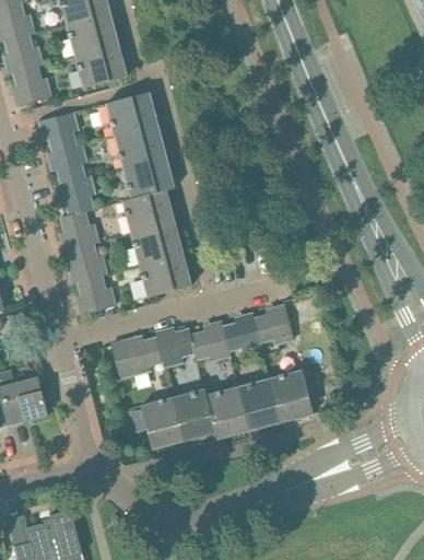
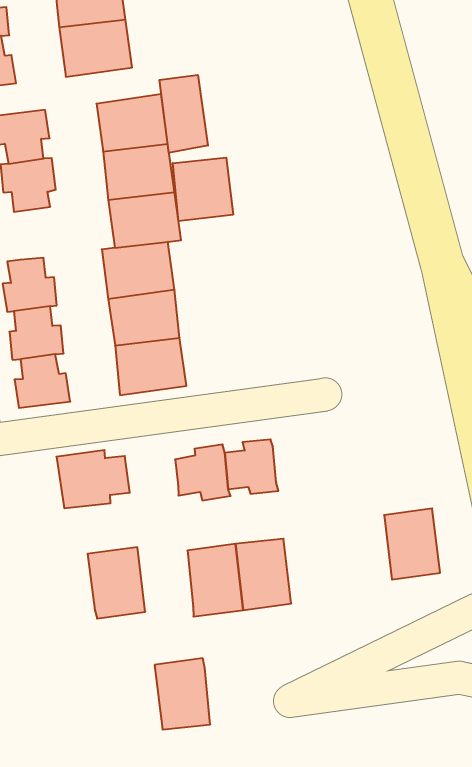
building: none -> [159,75,208,153]
building: none -> [173,158,233,221]
building: [56,175,94,214] -> none
building: [255,304,294,343] -> none
building: [155,327,195,365] -> none
building: [270,370,313,421] -> [384,508,440,580]
building: [173,388,215,440] -> [155,658,210,729]

